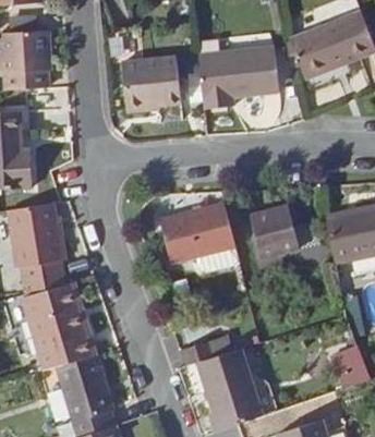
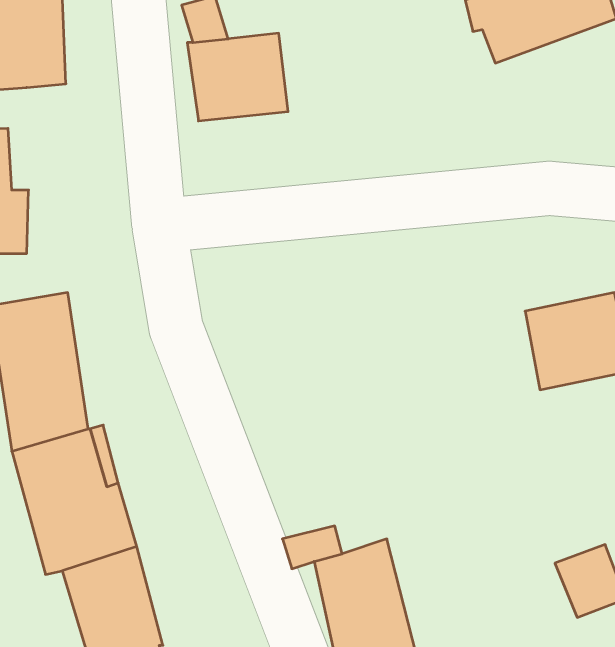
building: [197,40,278,106] -> none
building: [165,198,243,272] -> none
building: [252,207,300,253] -> none

